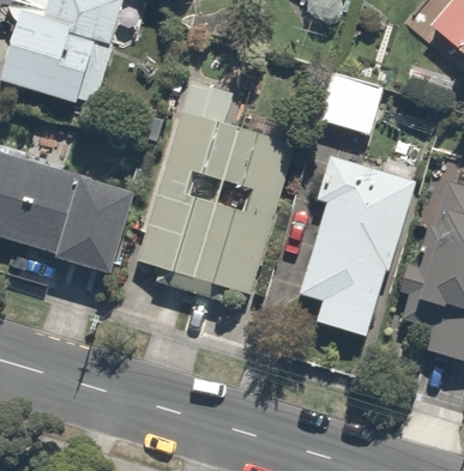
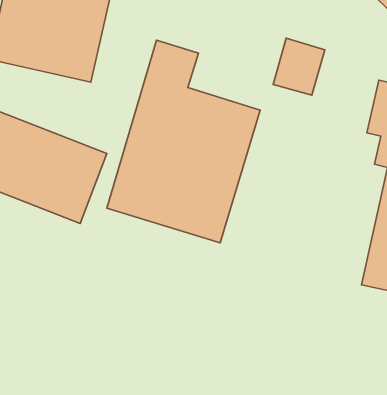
building: [294,156,418,337] -> none

